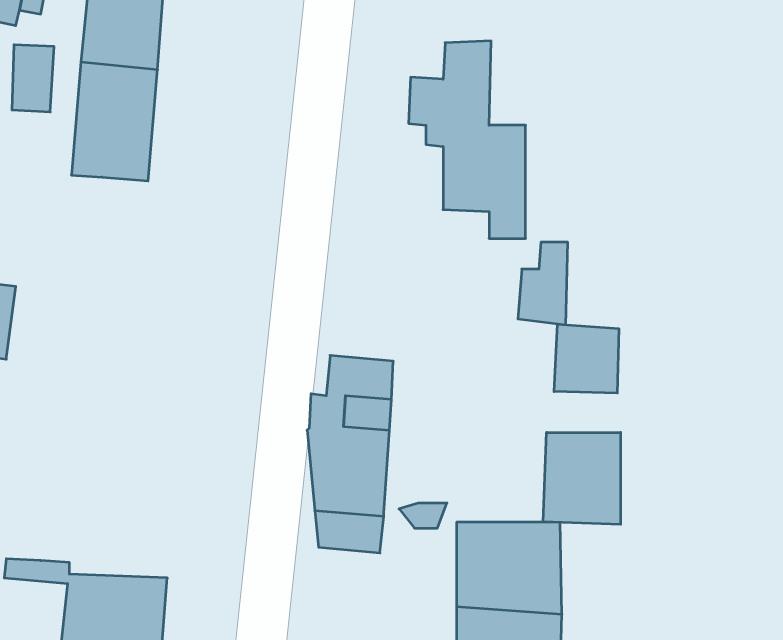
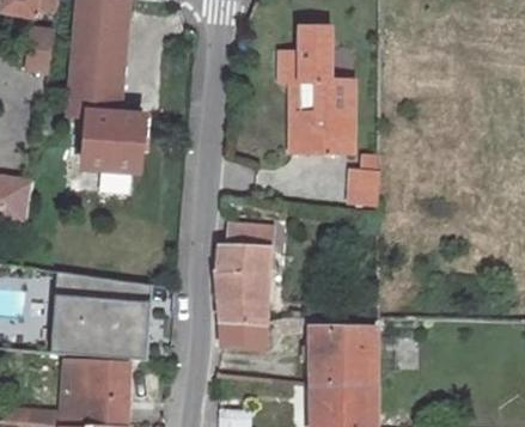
building: none -> [288,92,329,151]
building: none -> [83,112,140,171]
building: [554,324,619,393] -> none
building: [543,432,621,524] -> none
building: none -> [49,273,146,359]

